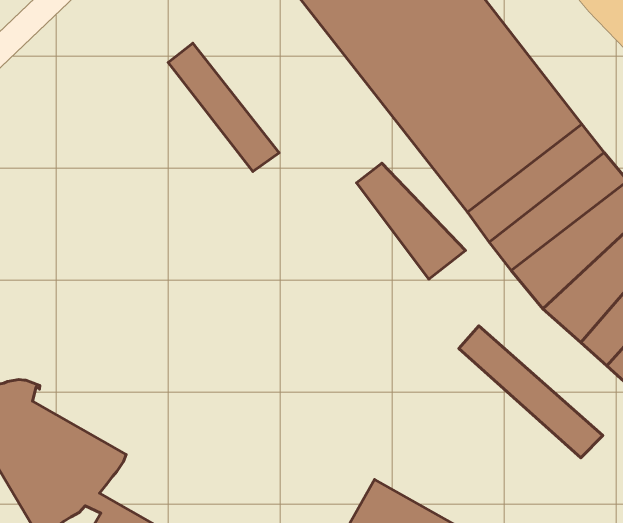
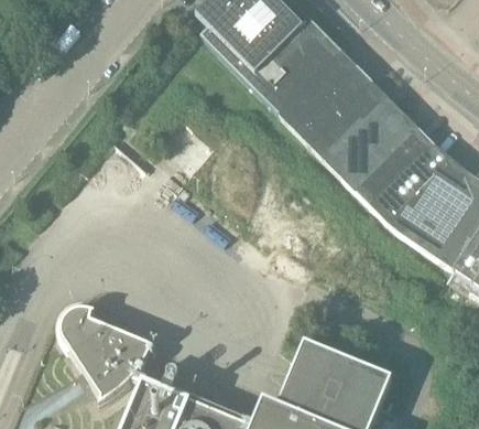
building: [168,43,279,172] -> none
building: [356,163,466,279] -> none
building: [459,326,603,458] -> none

